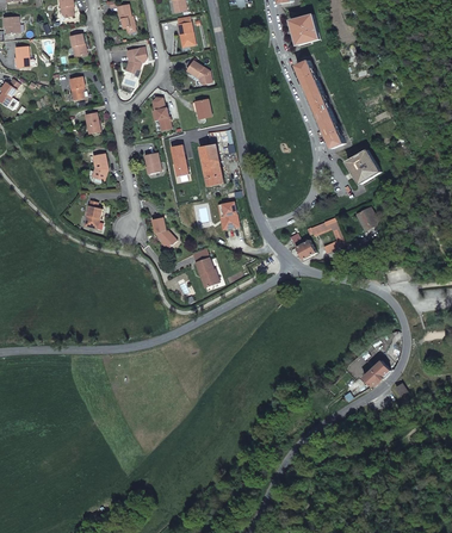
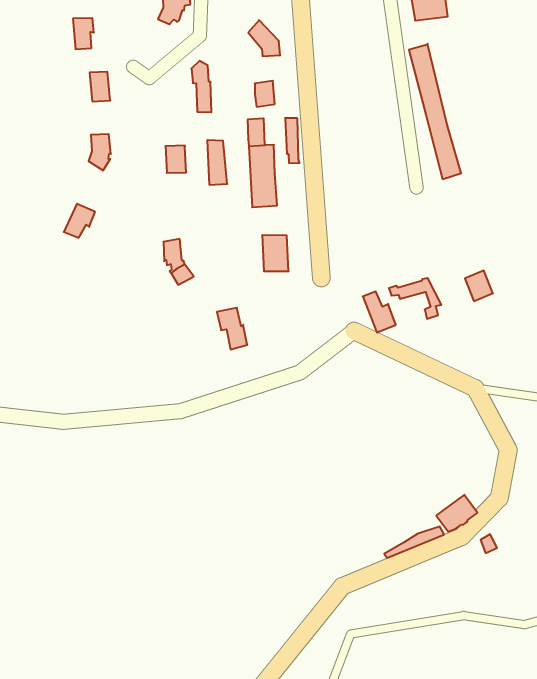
building: [347,150,380,184] -> none

